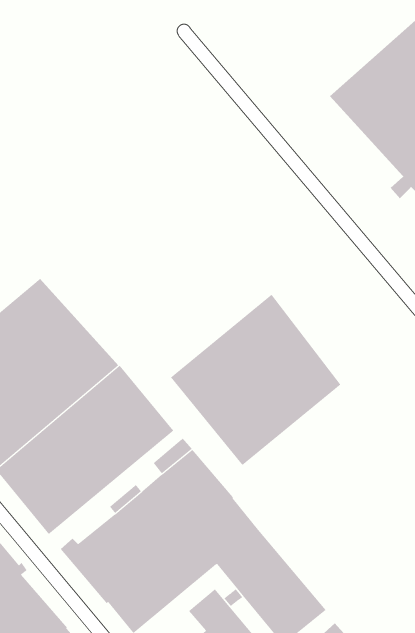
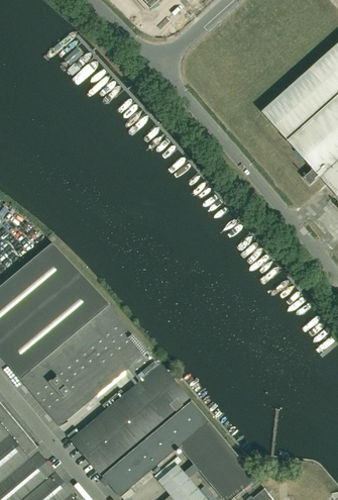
building: [170,294,341,466] -> none

